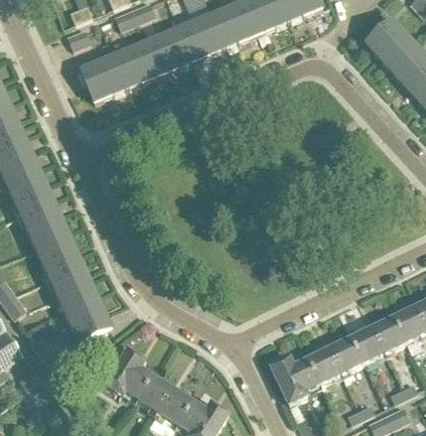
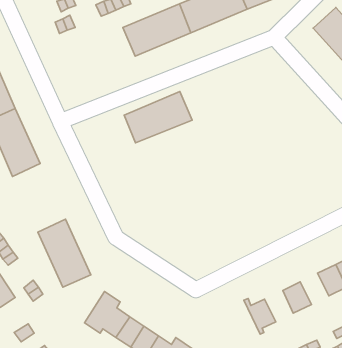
building: [82,41,160,101] -> [124,92,192,143]
building: [18,198,80,278] -> none
building: [351,325,385,361] -> none
building: [310,345,343,382] -> none
building: [271,356,305,404] -> none

